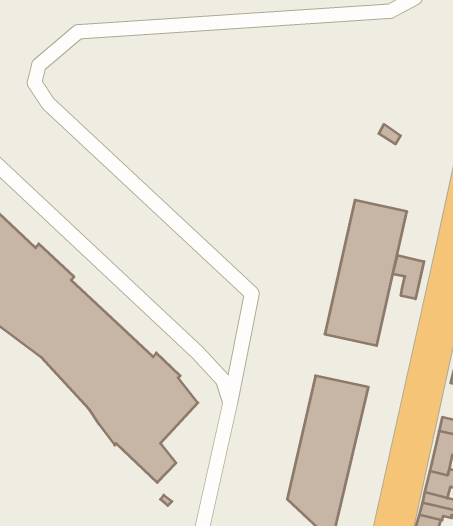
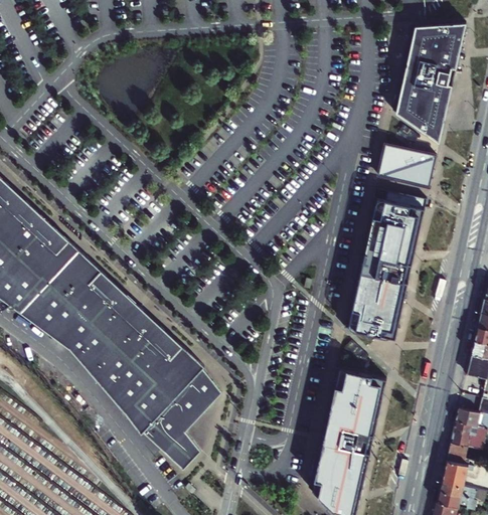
building: none -> [391,24,464,143]
building: none -> [378,144,437,187]
building: [393,255,424,299] -> none

